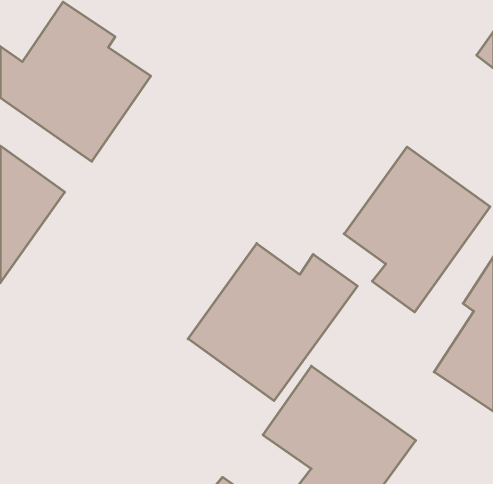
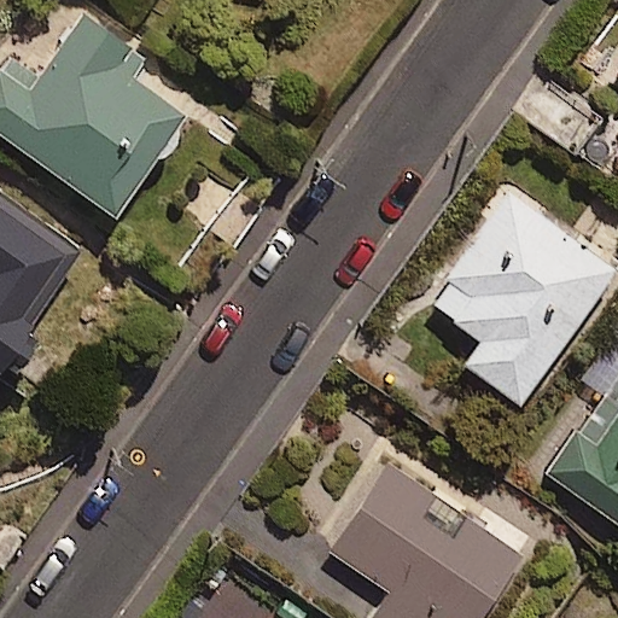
building: [188,243,357,401] -> none

